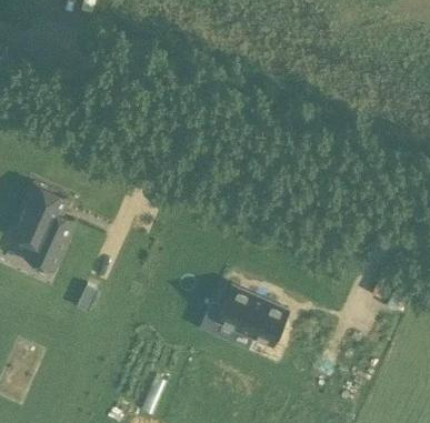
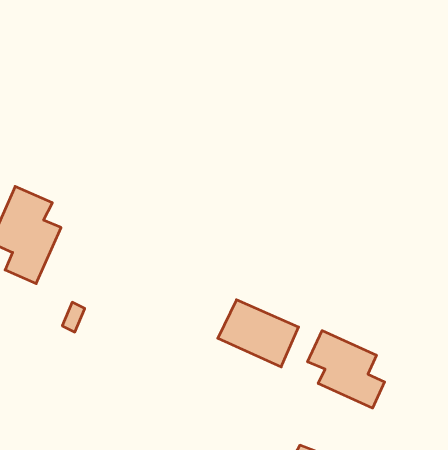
building: none -> [308,331,385,408]

